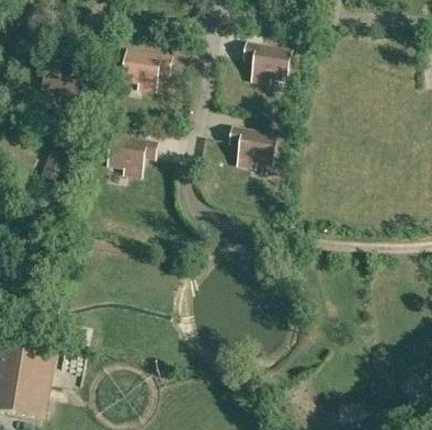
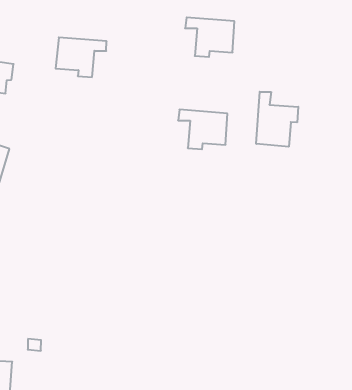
building: none -> [256,92,298,147]
building: [106,136,156,176] -> none

